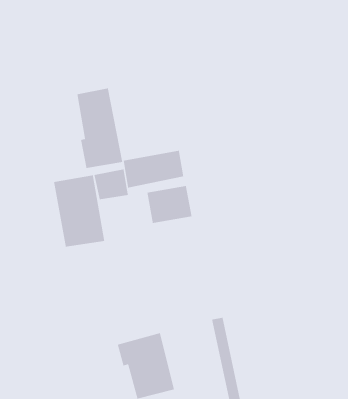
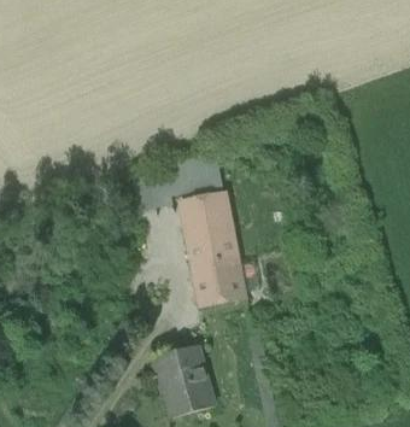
building: [76,88,123,169] -> none
building: [53,174,105,247] -> [188,227,241,302]

